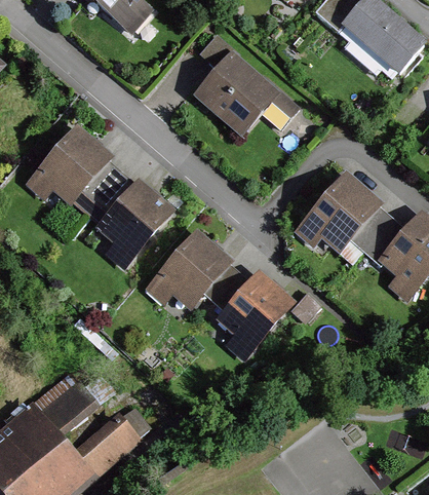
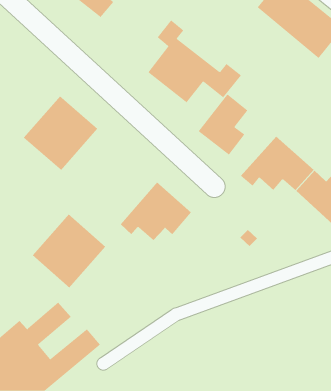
building: none -> [198,94,248,155]
building: [82,168,173,261] -> [32,213,106,289]
building: [219,271,294,352] -> none

